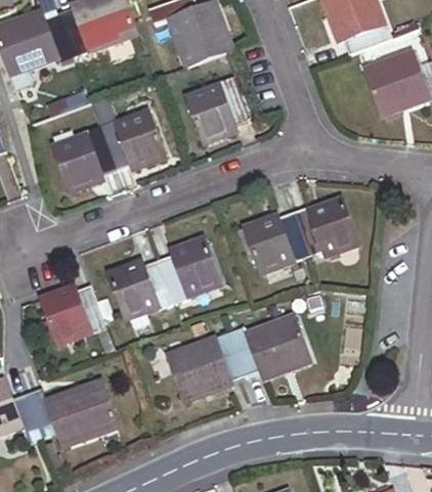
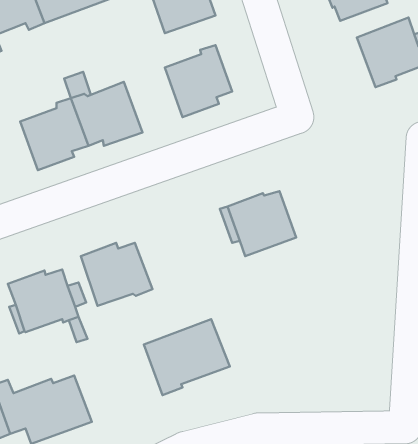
building: [293,196,358,255] -> none
building: [159,235,222,302] -> none
building: [229,313,310,373] -> none

